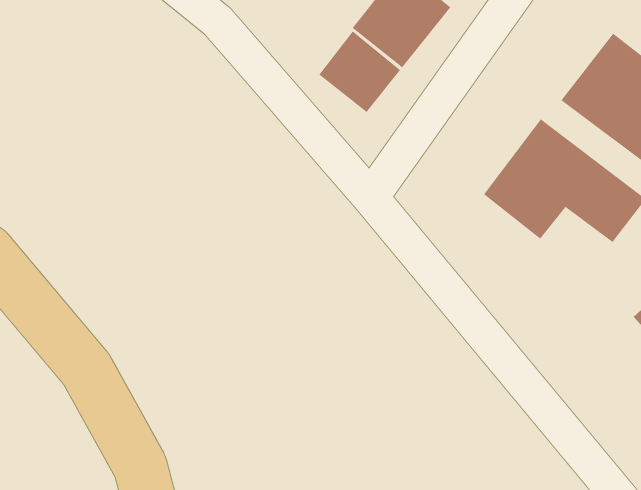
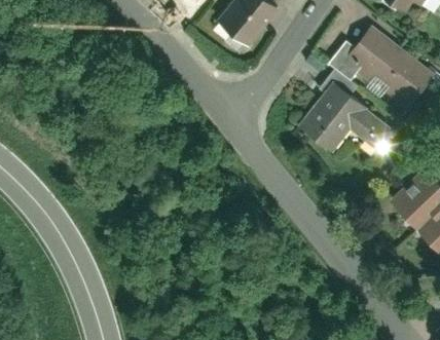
building: [319,31,401,113] -> none

